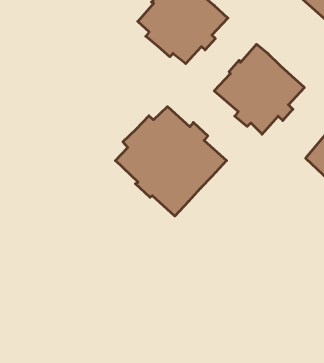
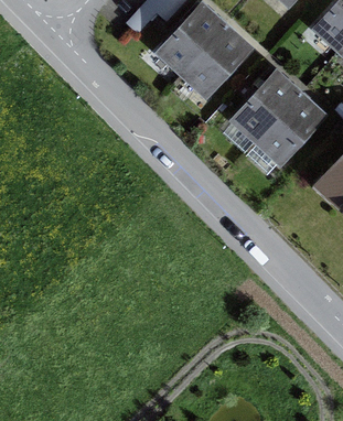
building: [115,107,227,216] -> none

